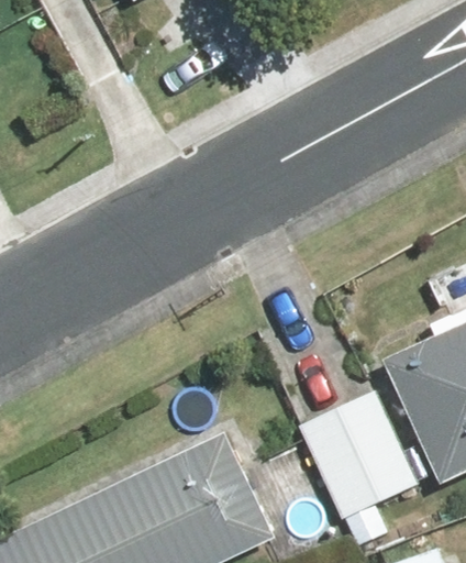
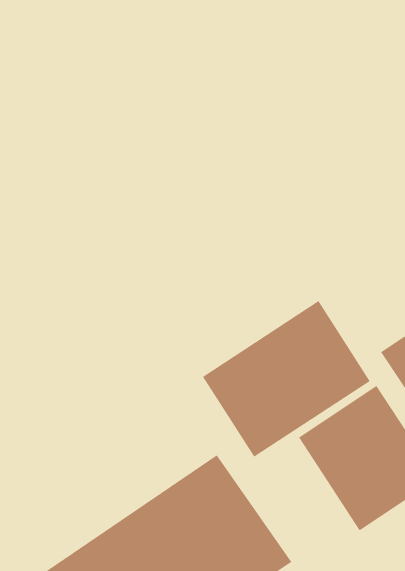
building: none -> [202,300,371,458]

